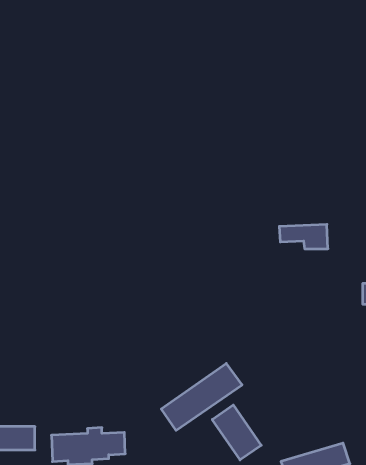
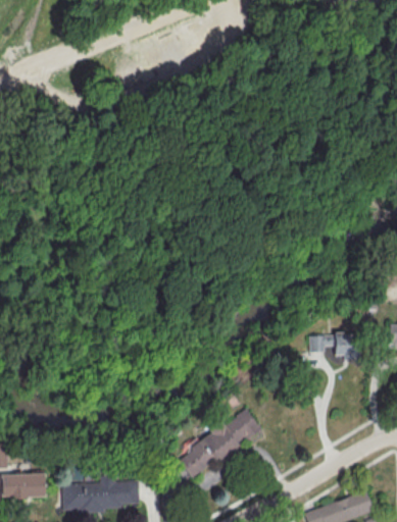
building: [279,224,328,249] -> [307,332,358,358]
building: [212,405,261,460] -> none

